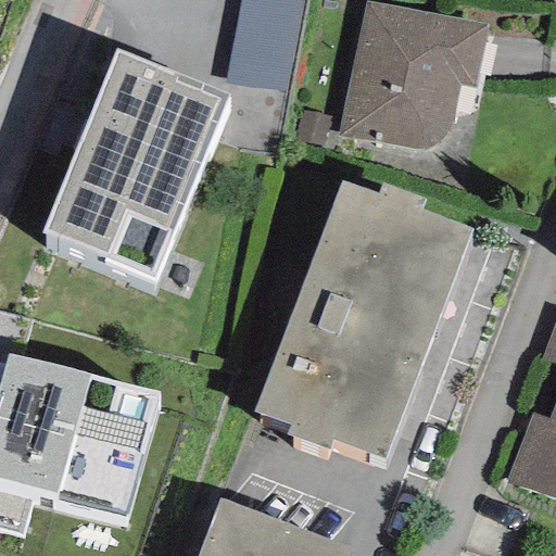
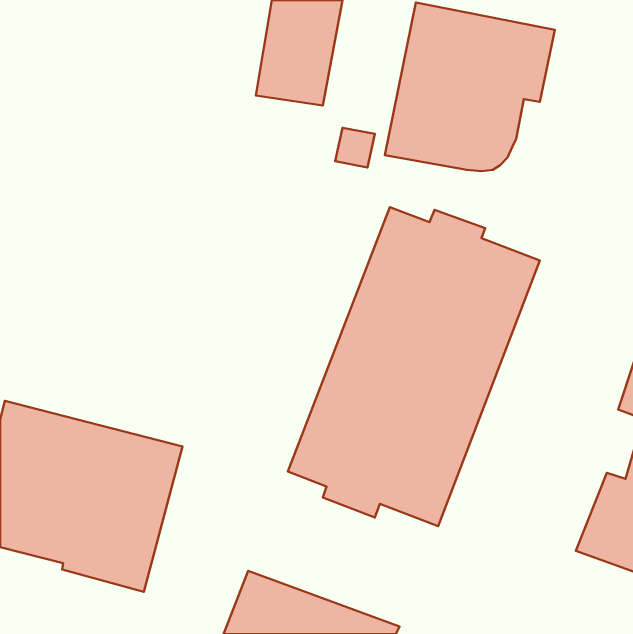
building: [42,49,228,285] -> none

